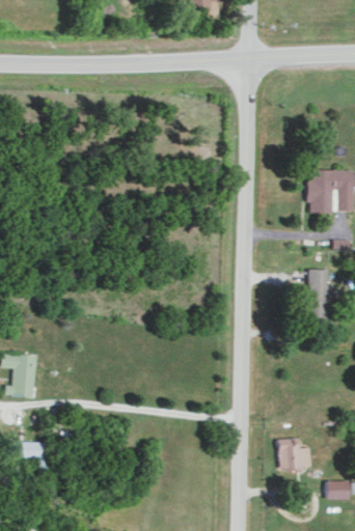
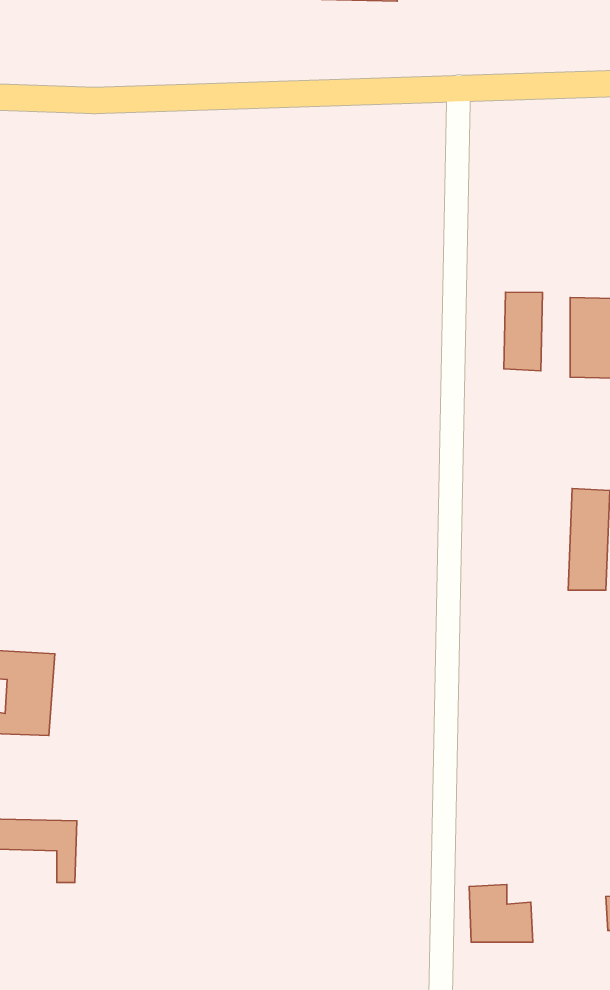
building: none -> [504,292,543,371]
building: [278,438,311,468] -> [469,884,533,942]

